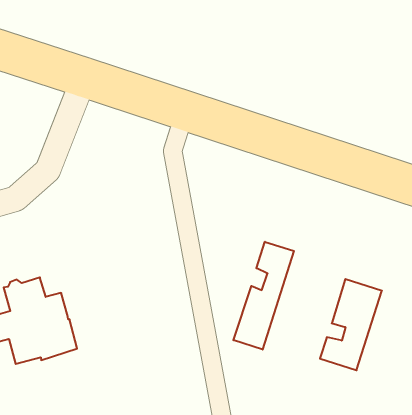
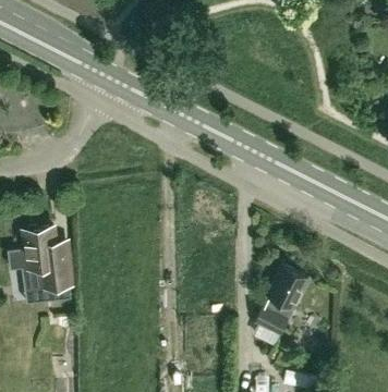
building: [233,242,294,350] -> none

